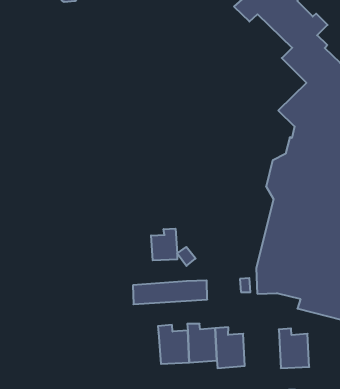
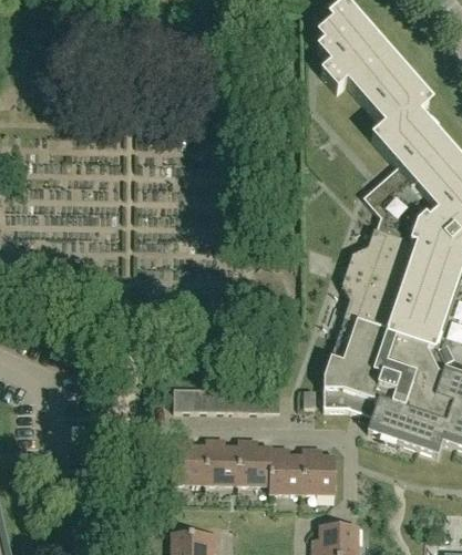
building: [151,229,177,260] -> none
building: none -> [176,436,208,481]
building: [279,328,309,368] -> [306,445,340,492]

